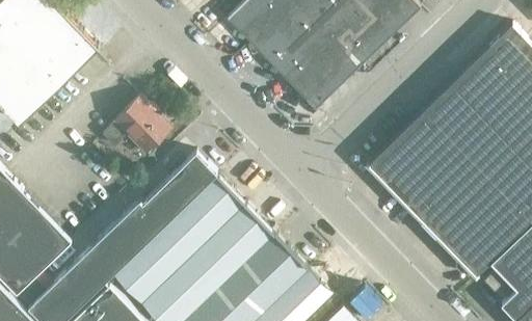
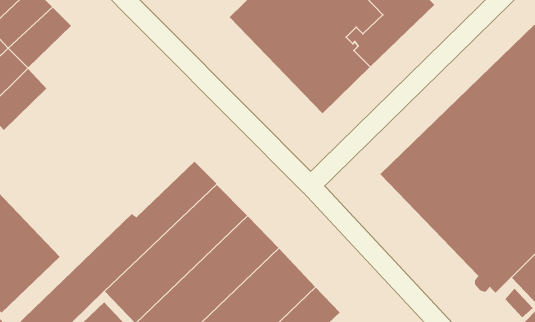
building: [42,27,100,85] -> none
building: [102,97,172,153] -> none

